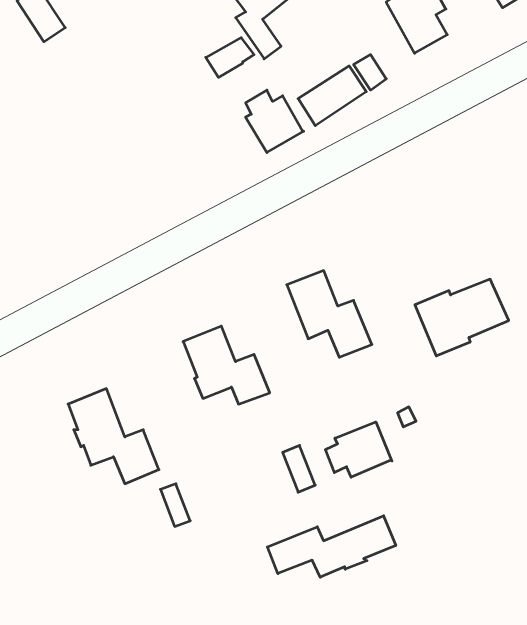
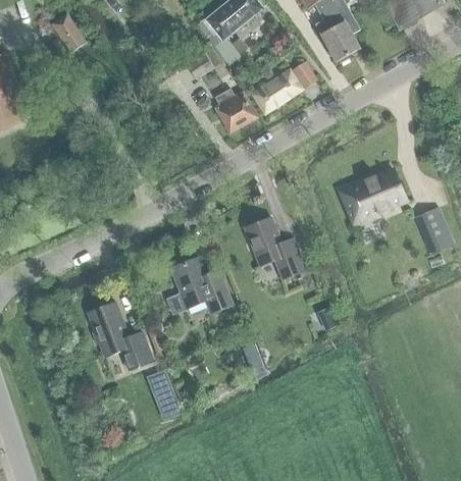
building: [415,279,509,356] -> [339,170,406,225]
building: [325,422,392,477] -> none
building: [267,516,396,577] -> none

